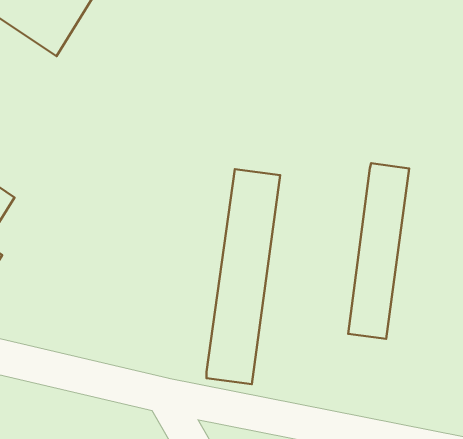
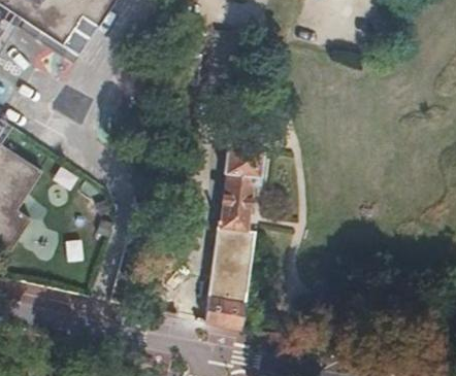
building: [348,163,409,339] -> none

